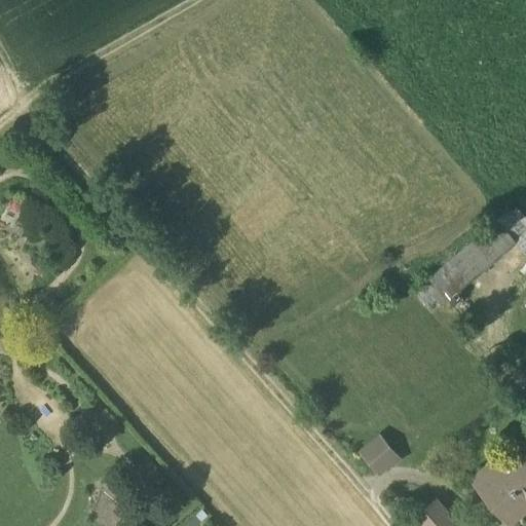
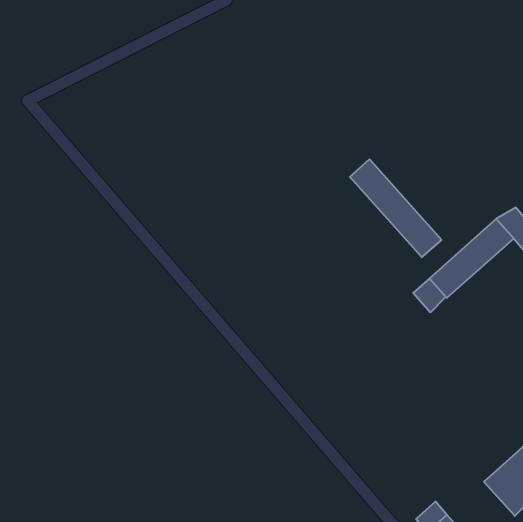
building: none -> [350,159,441,257]
building: [361,434,401,475] -> none

